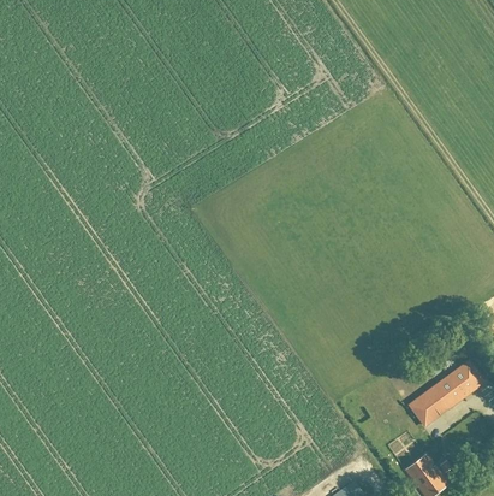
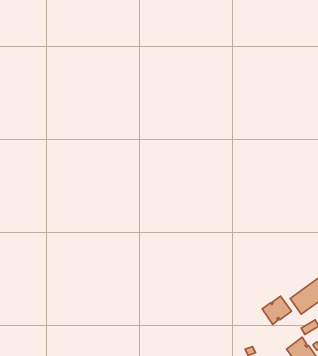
building: none -> [262,296,291,324]

